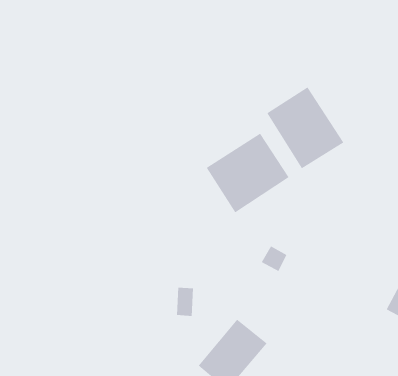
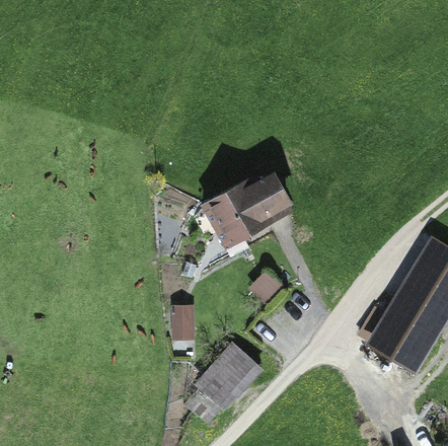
building: [266,87,344,169] -> none

